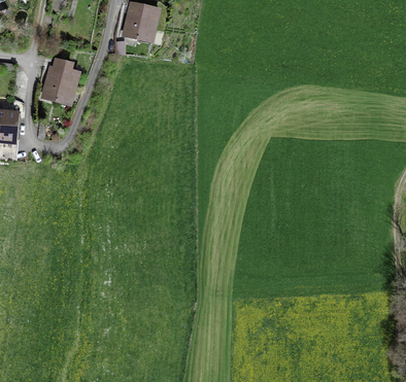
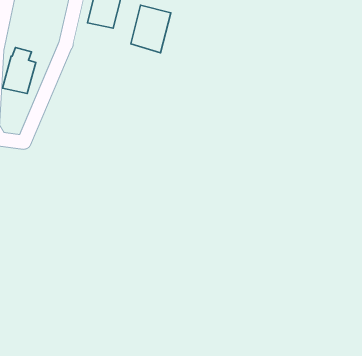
building: none -> [131,5,171,53]

